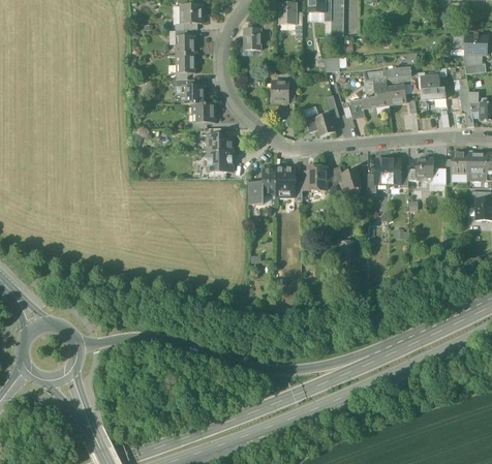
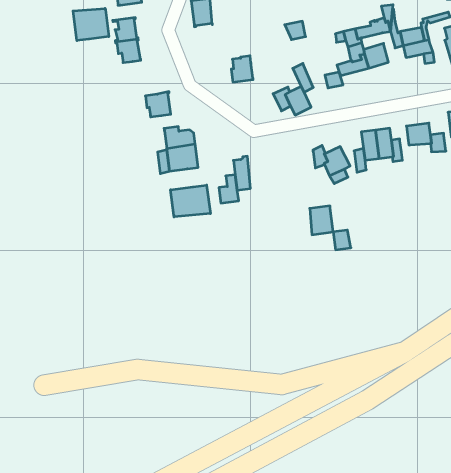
building: none -> [73,8,109,41]
building: [175,84,205,103] -> none
building: [274,166,295,194] -> none
building: [307,166,326,189] -> [310,206,333,235]
building: none -> [171,185,210,217]

